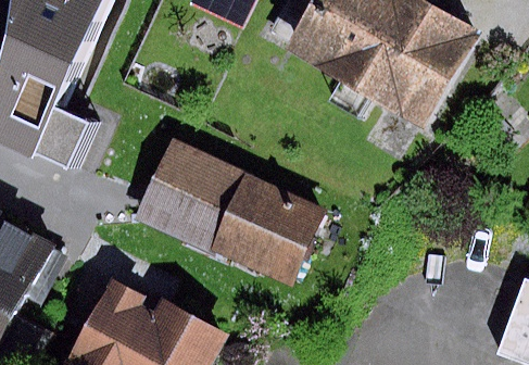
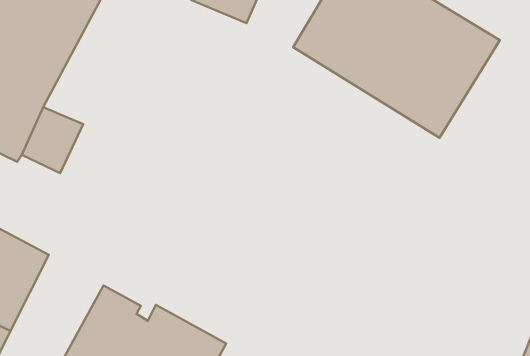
building: [146,142,331,284] -> none

